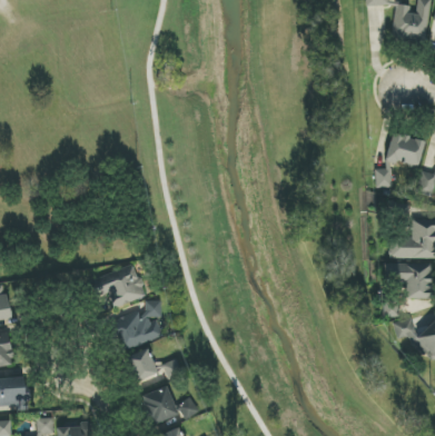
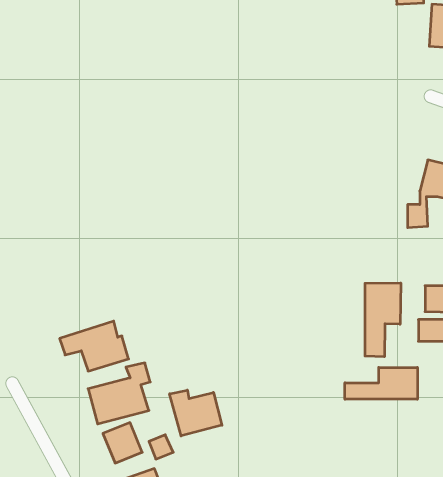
building: none -> [365,283,401,357]
building: none -> [345,367,417,399]
building: none -> [170,390,222,436]

